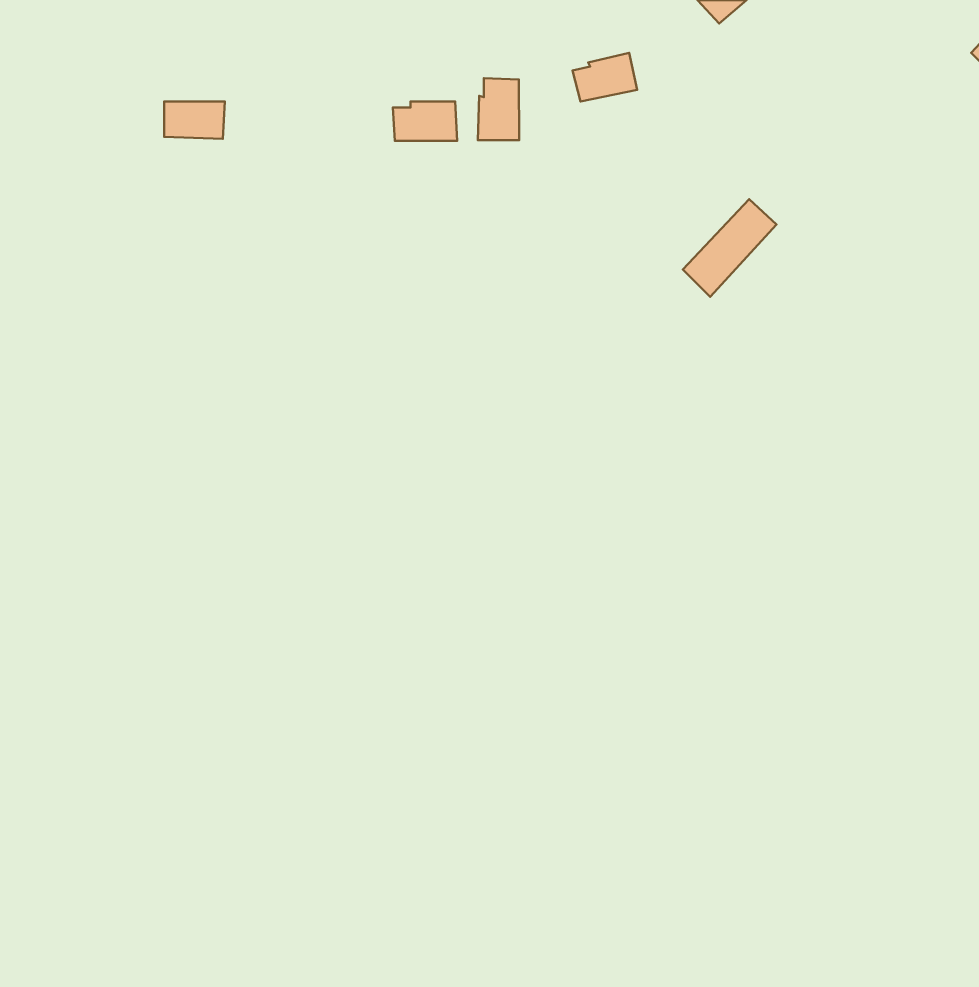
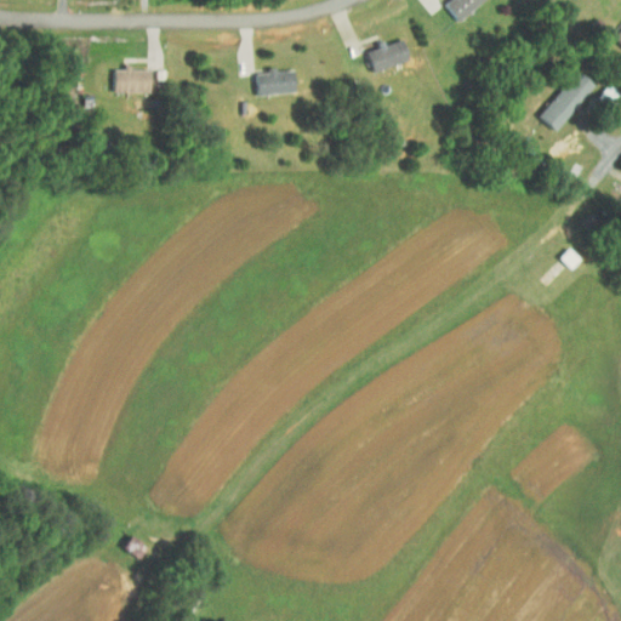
building: [478,78,519,140] -> none
building: [683,199,777,297] -> [537,72,596,132]

